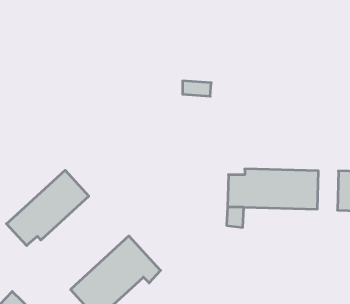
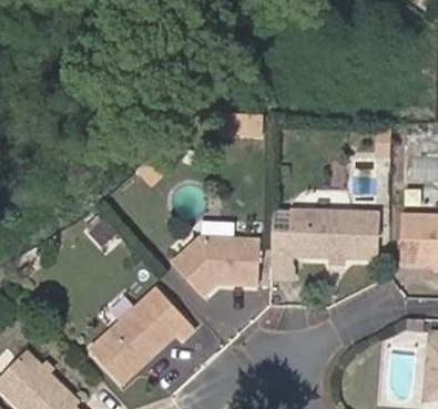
building: [6,170,89,246] -> none
building: none -> [174,237,259,296]

